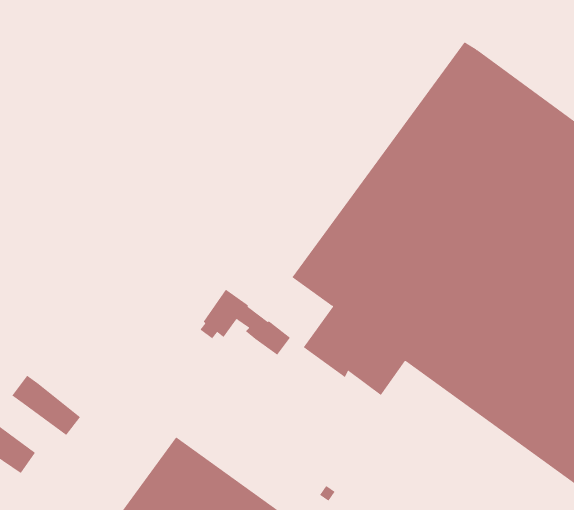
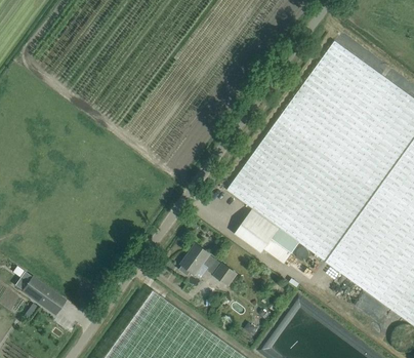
building: [200,289,291,356] -> [179,243,237,285]
building: [11,375,81,436] -> none

